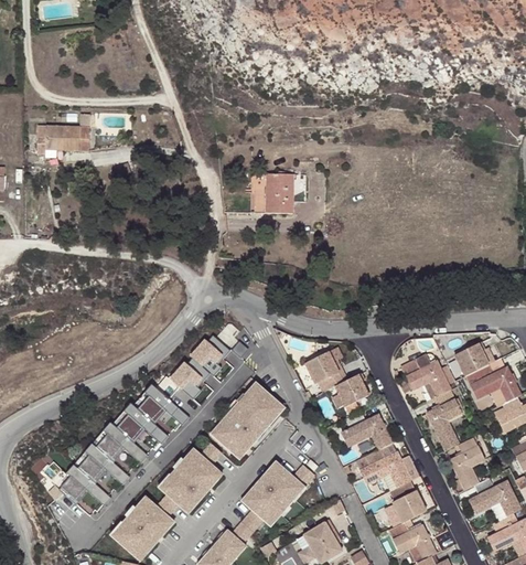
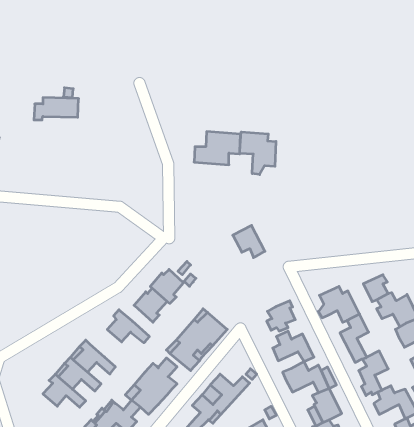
building: none -> [240,132,276,175]
building: [305,349,345,388] -> [233,225,265,258]
building: [117,403,169,444] -> none

